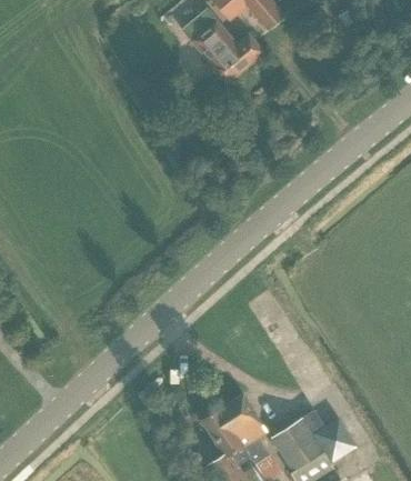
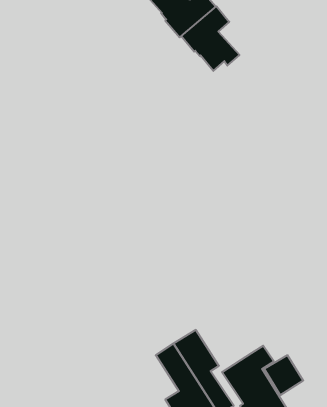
building: none -> [181,6,239,71]

